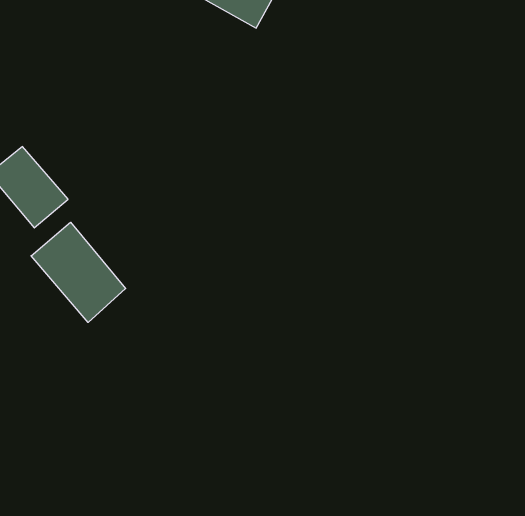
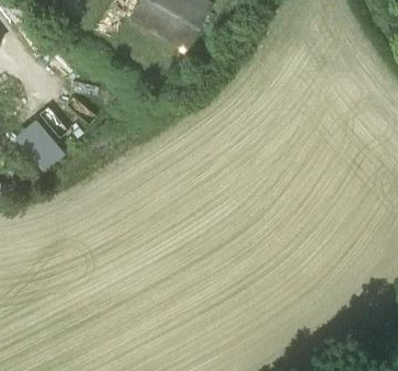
building: [31,222,126,322] -> none

